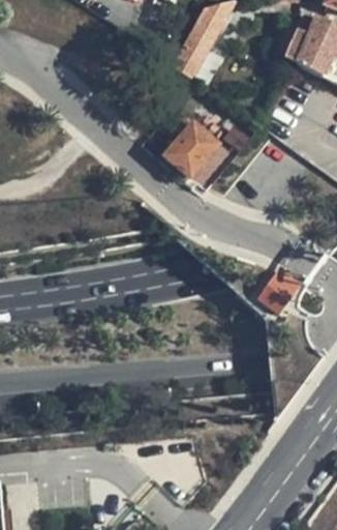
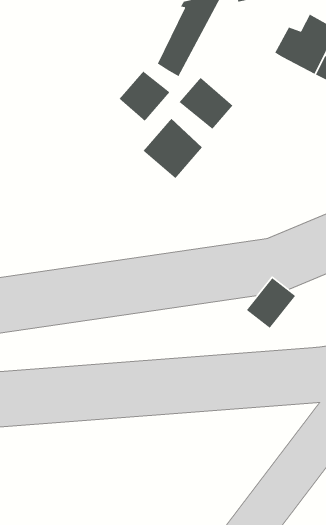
building: none -> [119,71,170,122]
building: none -> [179,77,234,130]

